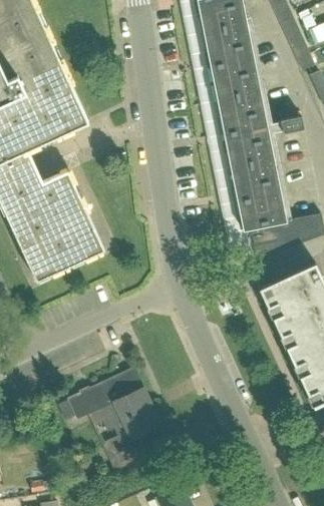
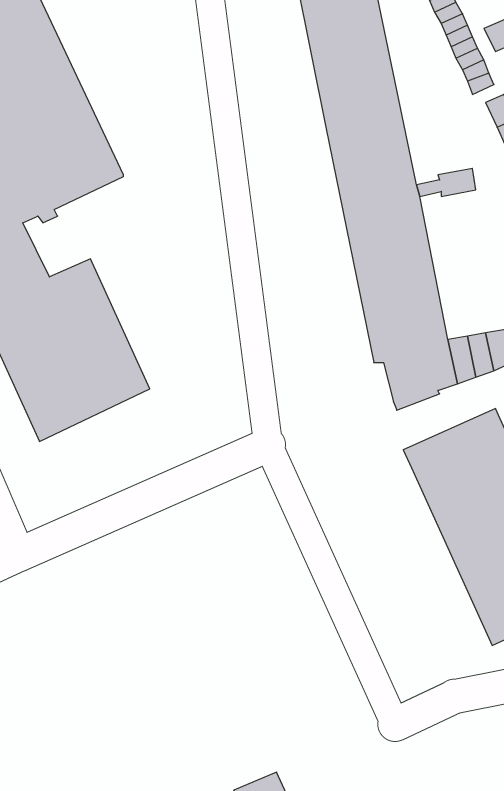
building: [57,368,161,478] -> none

